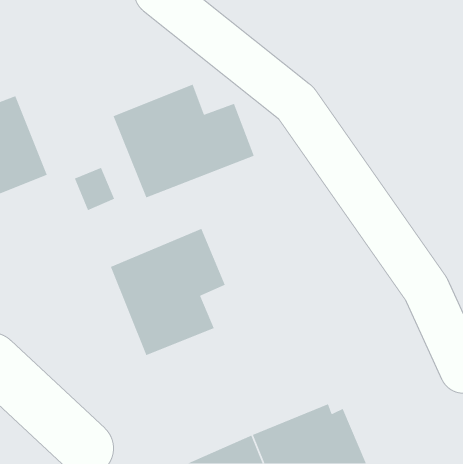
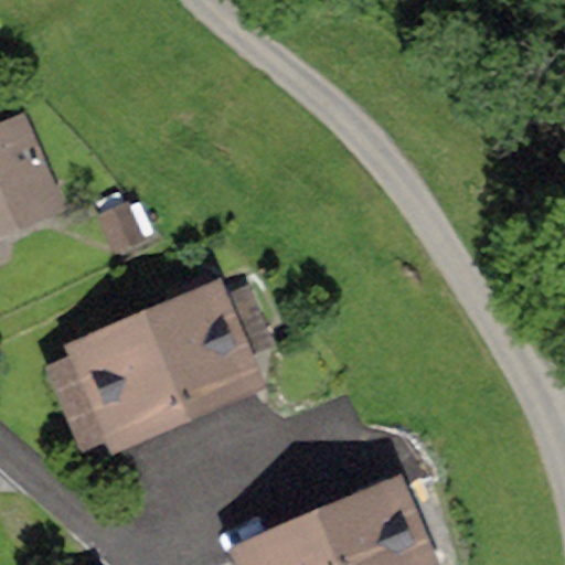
building: [113,83,255,199] -> none
building: none -> [44,319,174,455]

